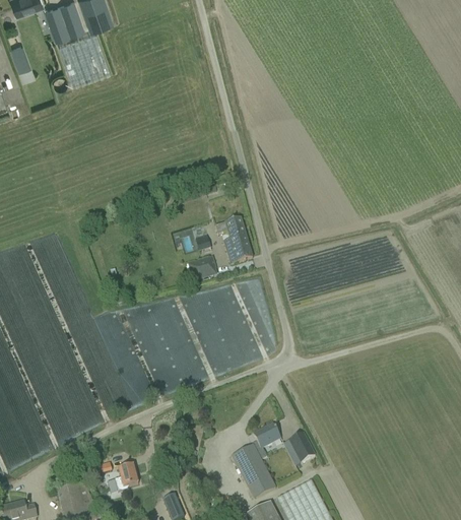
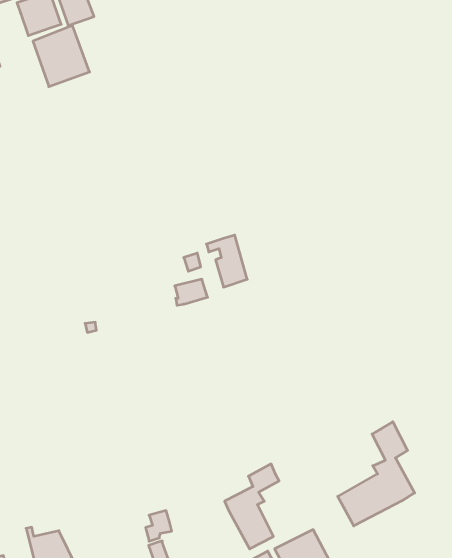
building: none -> [338,422,415,526]
building: [281,433,314,466] -> none
building: [114,464,137,492] -> [146,511,172,541]

